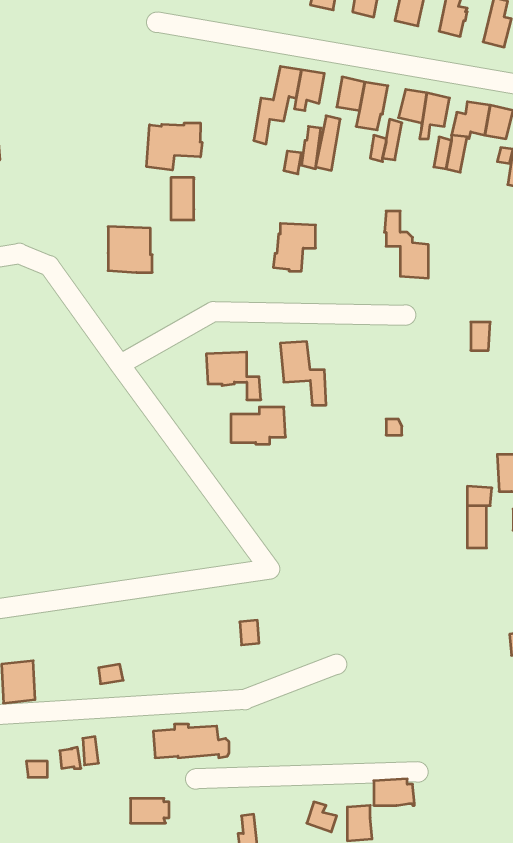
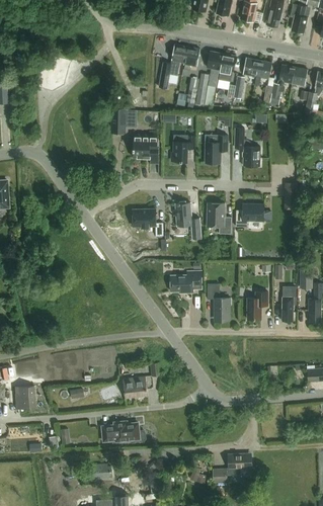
building: [147,123,202,170] -> none
building: none -> [205,135,227,163]
building: [108,227,152,272] -> [133,132,158,158]
building: none -> [207,202,231,234]
building: none -> [235,204,263,227]
building: [231,407,286,444] -> [170,271,201,292]
building: none -> [207,283,231,319]
building: none -> [246,291,267,320]
building: none -> [123,376,147,398]

